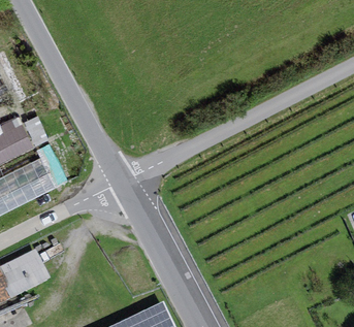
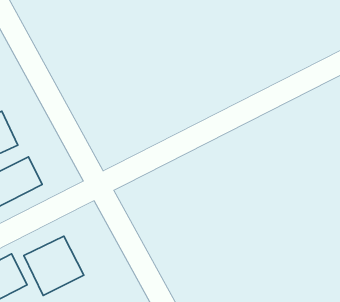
building: none -> [24,236,84,295]

